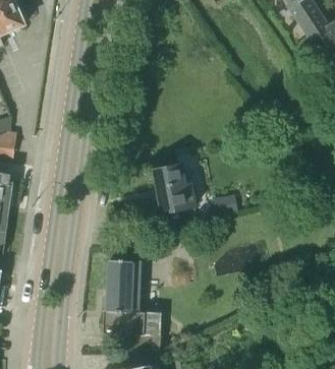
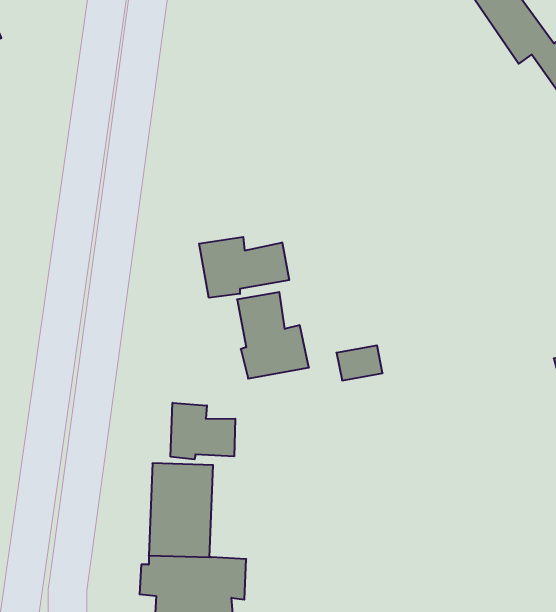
building: none -> [199,237,289,298]
building: none -> [171,403,235,459]

